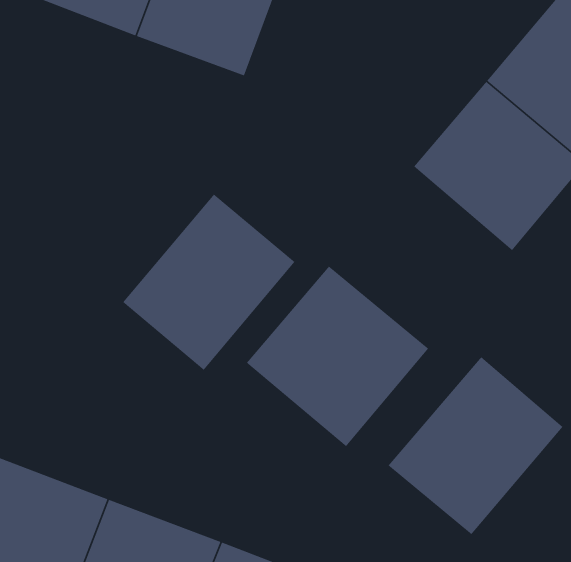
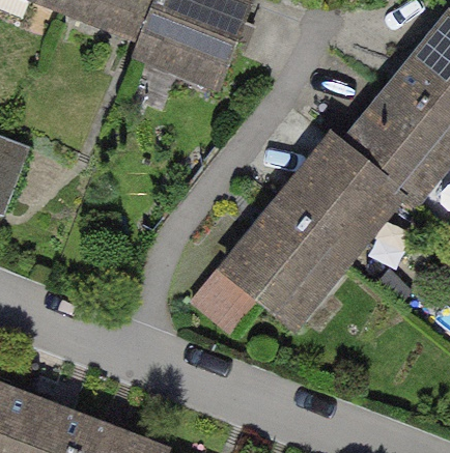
building: none -> [262,157,395,288]
building: [122,193,295,371] -> none
building: [388,356,564,535] -> none

